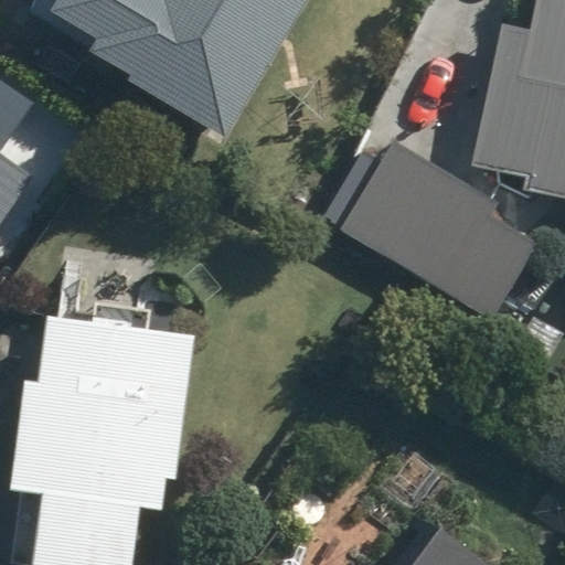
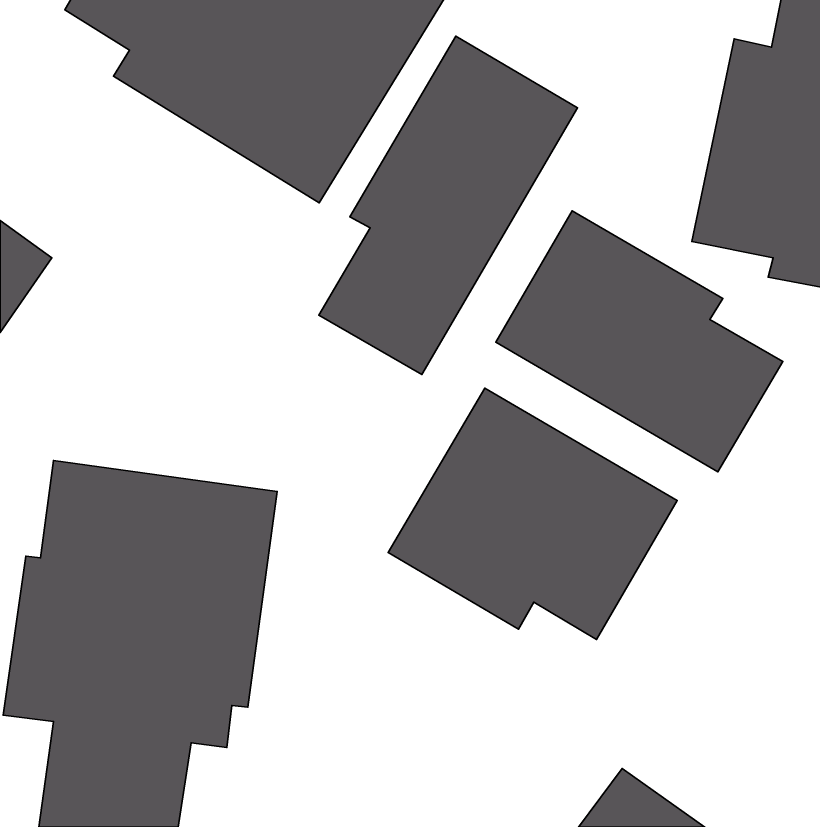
building: none -> [319,36,577,375]
building: none -> [388,388,677,639]

